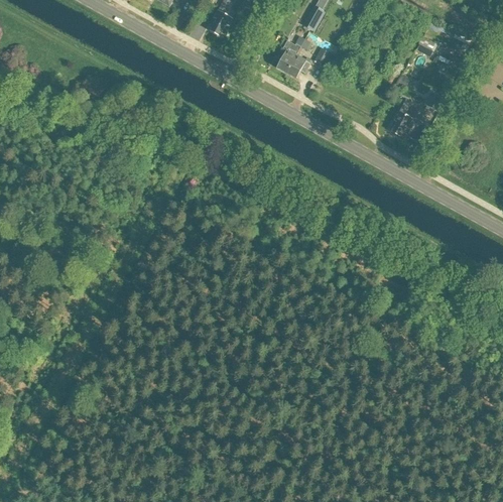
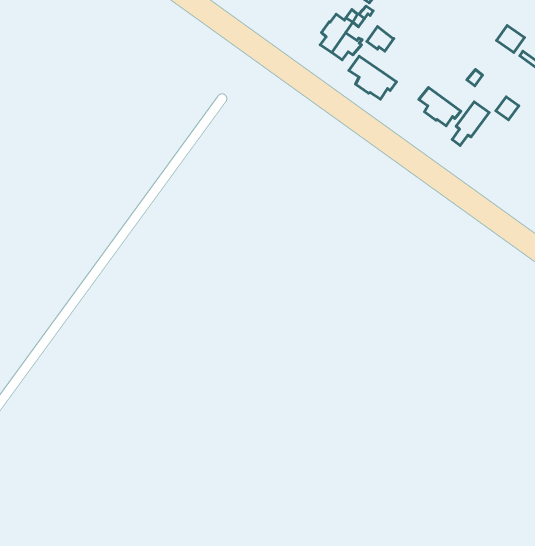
building: none -> [349,56,397,99]
building: none -> [419,87,461,126]

